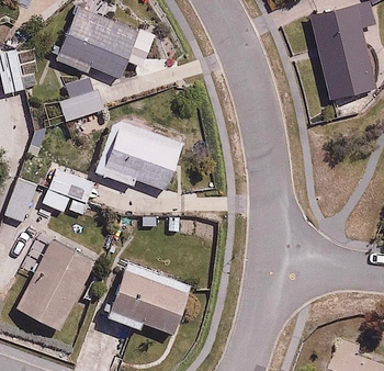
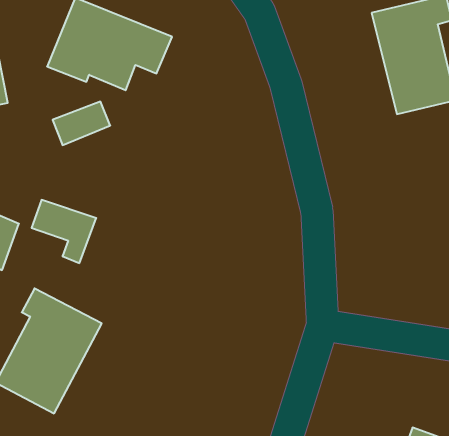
building: [95,120,181,190] -> none
building: [108,263,190,331] -> none

